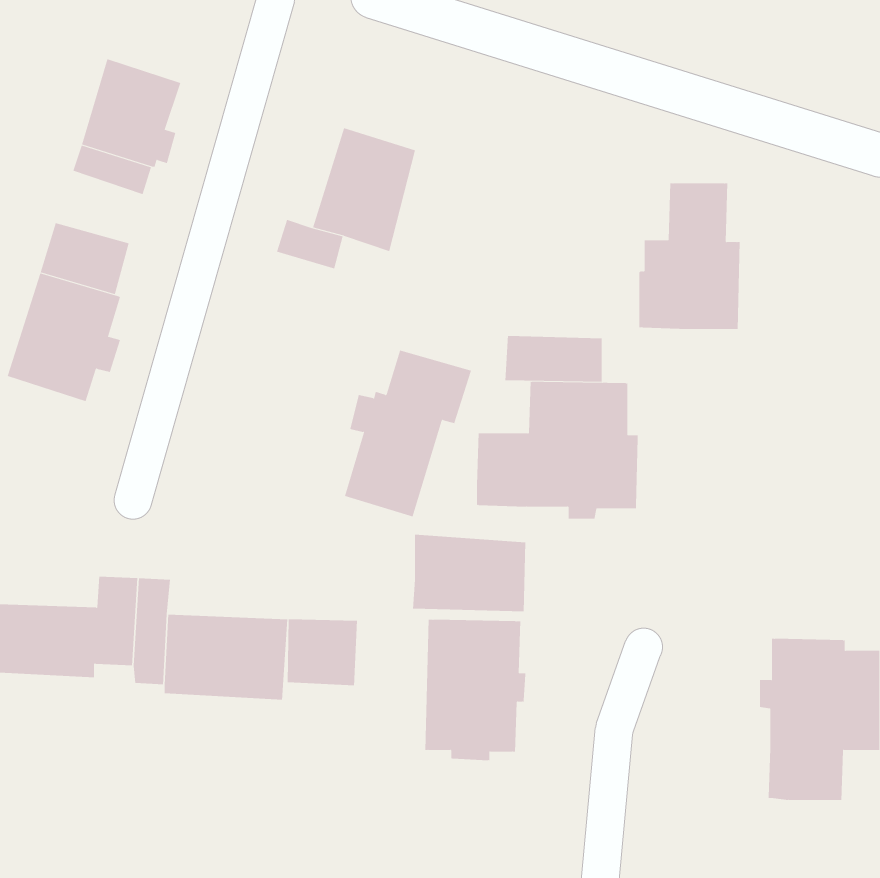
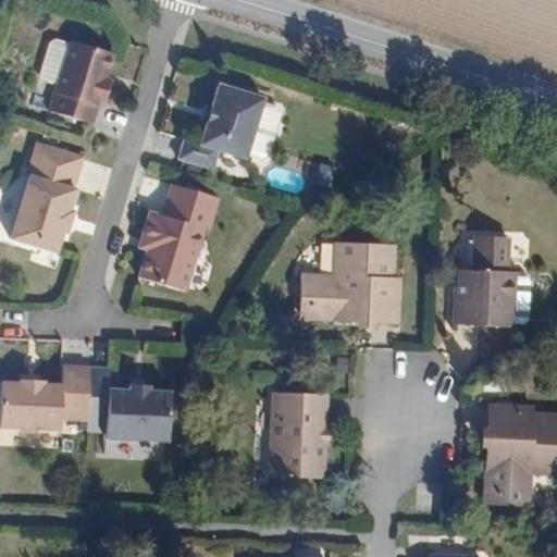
building: [639,183,740,330] -> [455,234,519,326]
building: [505,335,602,382] -> none
building: [344,350,472,517] -> [137,184,218,289]
building: [413,534,526,612] -> none
building: [287,618,358,686] -> none

